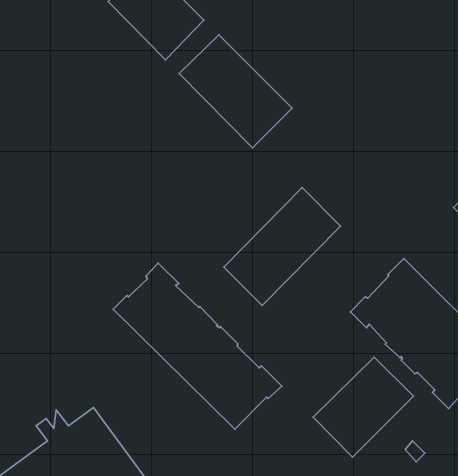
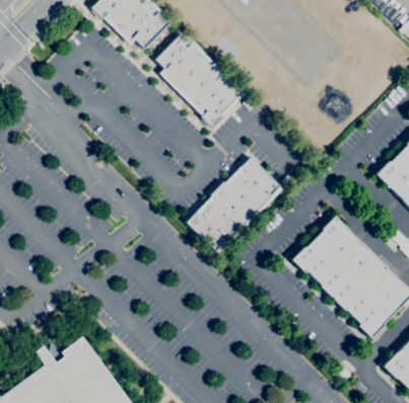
building: [113,263,282,429] -> none
building: [313,357,414,457] -> none

